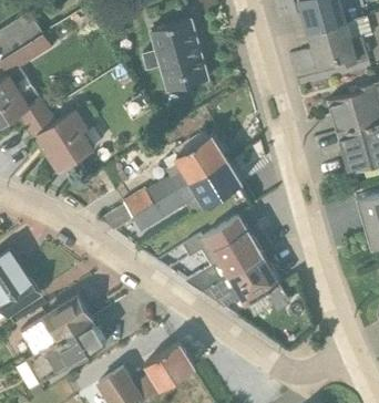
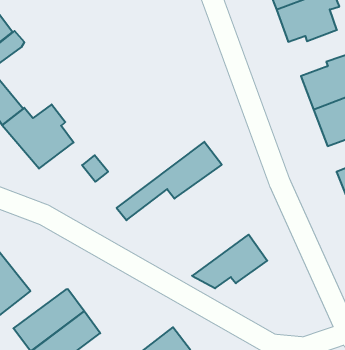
building: [142,21,208,93] -> none
building: [101,136,226,231] -> none
building: [184,217,263,293] -> none

